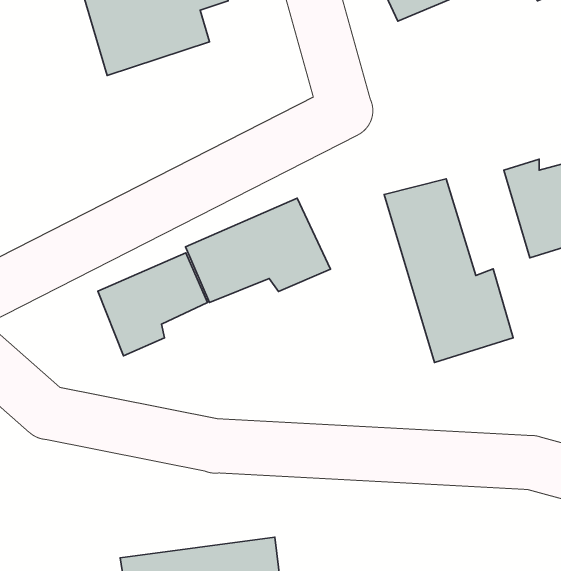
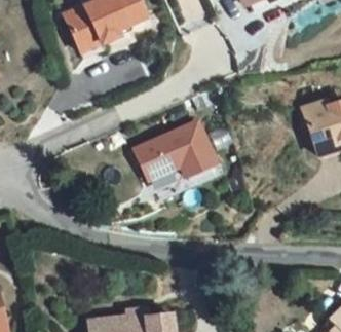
building: [384,179,513,363] -> none
building: [98,253,207,356] -> none

